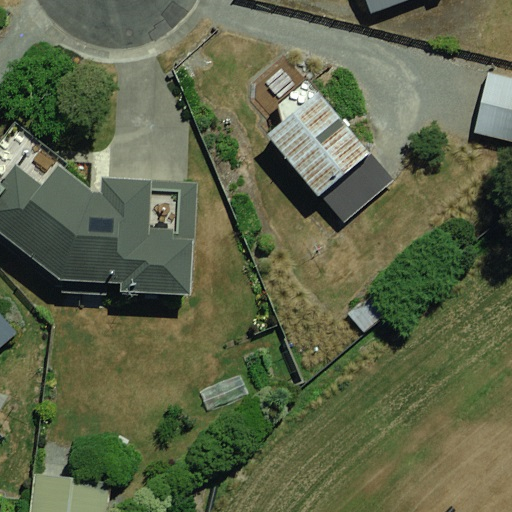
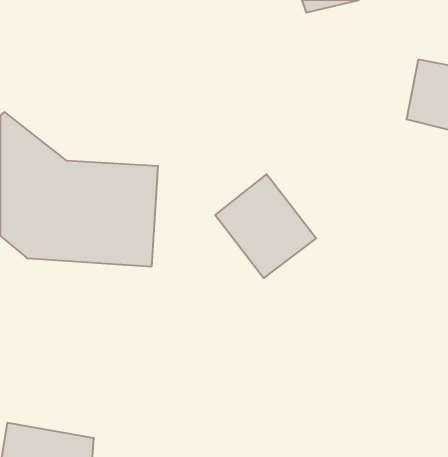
building: [274,93,386,208] -> [215,174,316,278]

